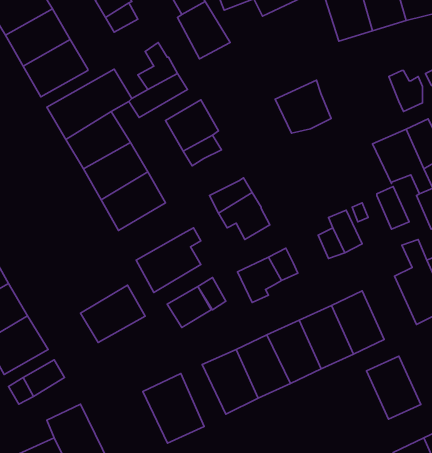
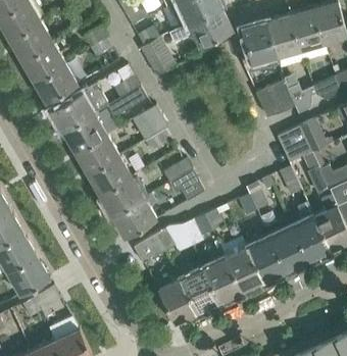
building: [275,80,331,133] -> [256,80,295,116]
building: [80,285,145,343] -> [100,176,145,216]
building: [367,356,421,419] -> [269,227,307,271]
building: [143,374,204,443] -> none

